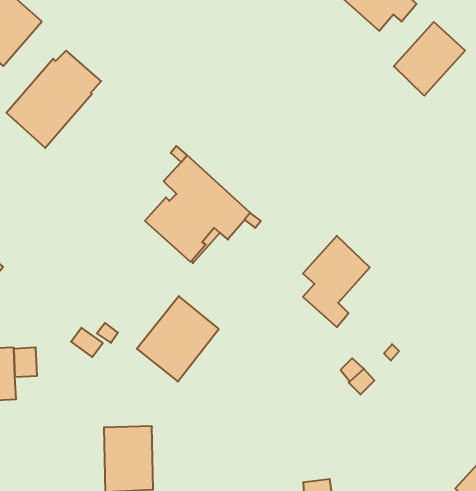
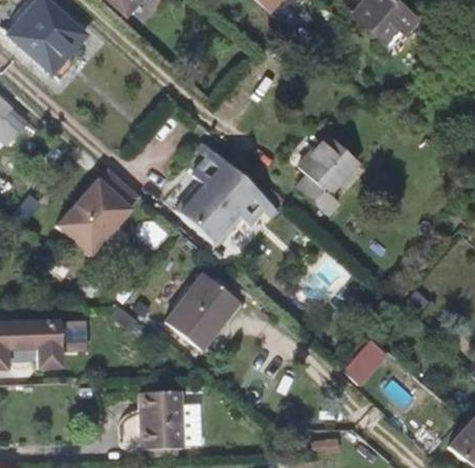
building: [394,22,465,96] -> none
building: [6,51,101,148] -> [58,171,142,257]
building: [303,236,370,327] -> [298,131,357,212]

